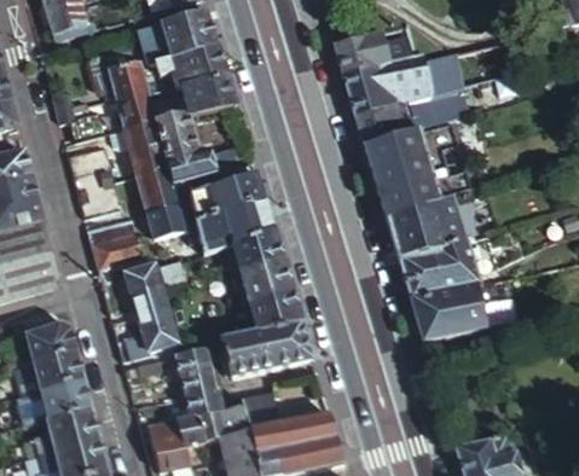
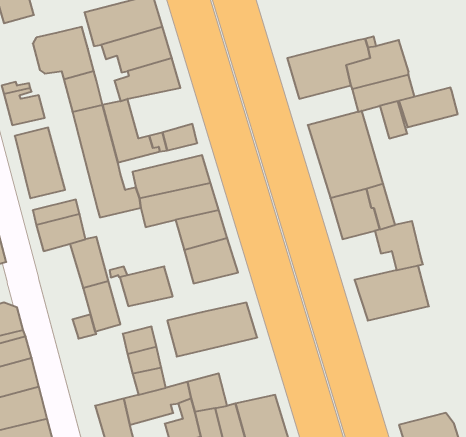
building: [334,31,390,75] -> none
building: [355,103,415,143] -> [399,88,458,127]
building: [399,249,453,298] -> none
building: [249,291,302,331] -> [120,266,173,306]

